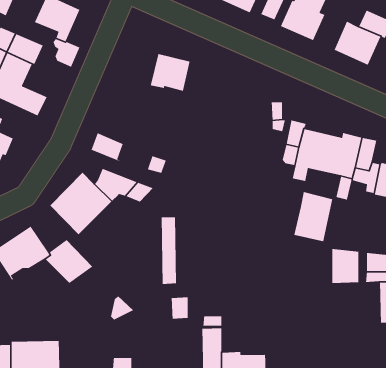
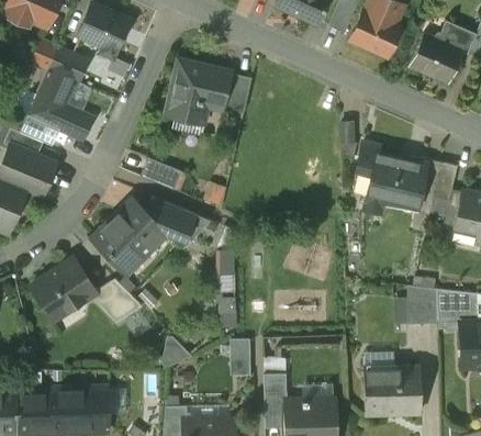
building: none -> [167,62,215,123]
building: [294,191,333,242] -> none
building: none -> [365,367,421,414]

